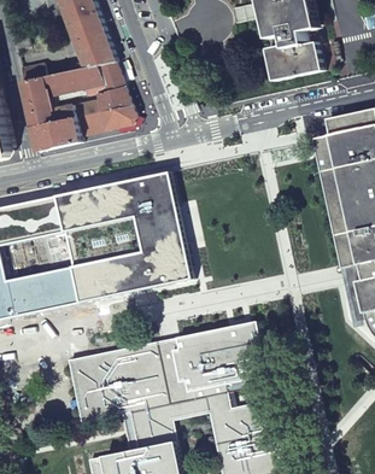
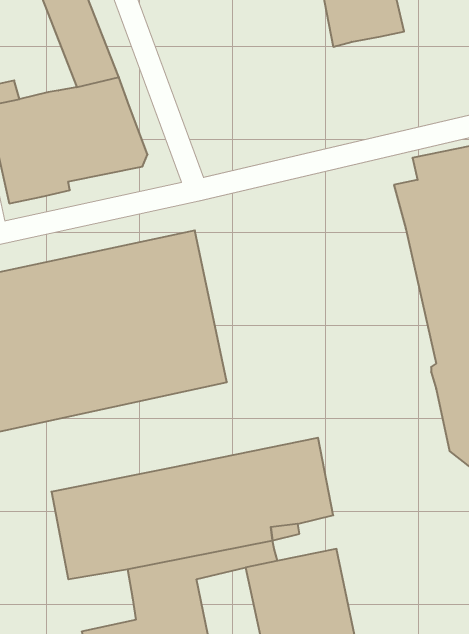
building: [263,33,321,82] -> none

